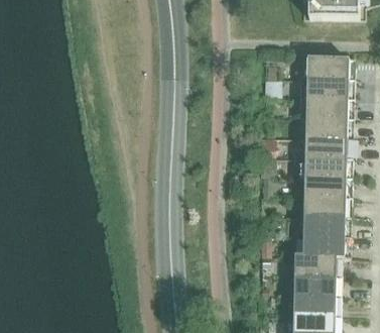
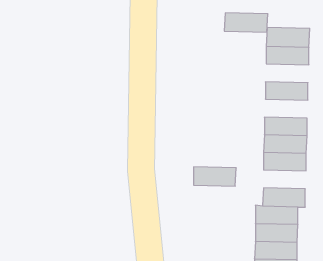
building: [305,96,354,117] -> [224,13,268,32]
building: [304,135,353,156] -> none
building: [303,214,351,235] -> [194,167,236,186]

